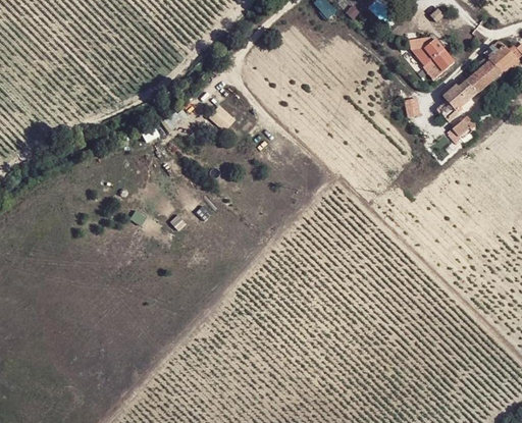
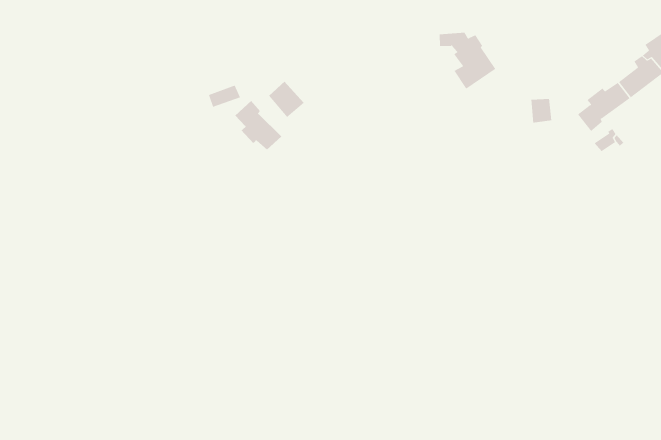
building: [409,37,454,80] -> [439,32,496,90]
building: none -> [234,100,282,151]

